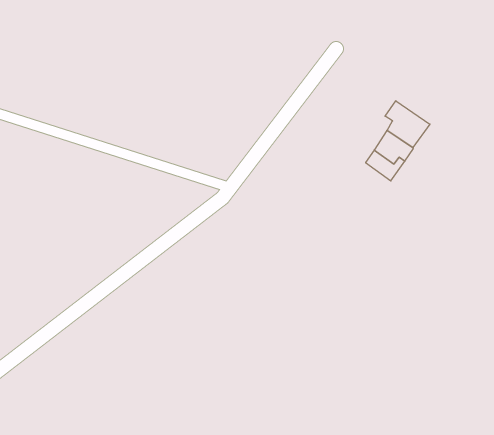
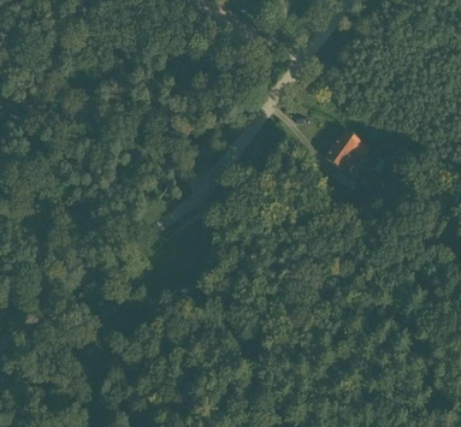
building: [385,101,430,148] -> none

